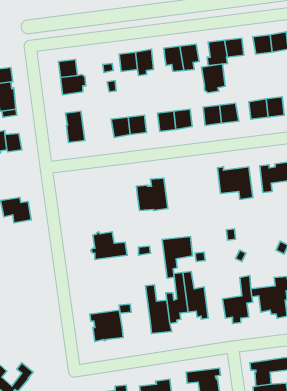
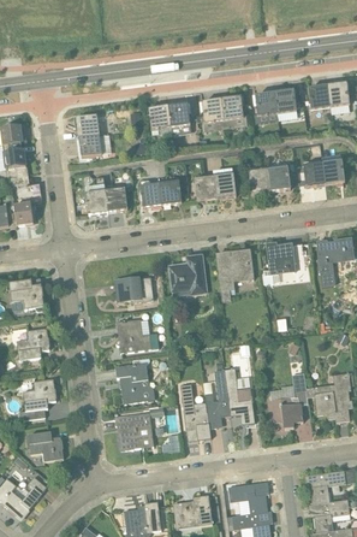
building: [201,64,225,93] -> none
building: none -> [105,183,127,212]
building: none -> [117,277,154,302]
building: [162,236,192,278] -> [216,250,252,300]
building: none -> [17,327,49,360]
building: none -> [115,358,155,402]
building: none -> [19,379,56,420]
building: none -> [29,431,64,461]

